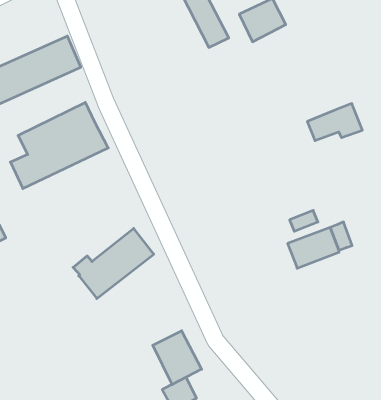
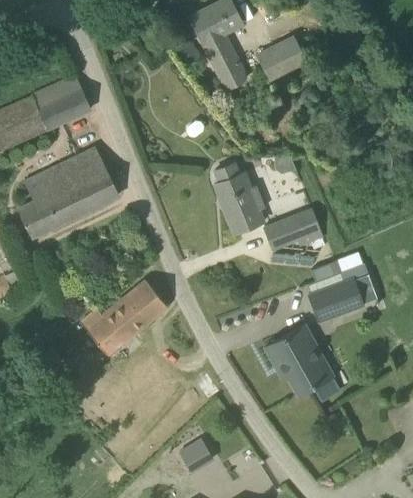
building: [307,104,362,141] -> [264,210,322,249]
building: none -> [213,163,264,234]
building: none -> [265,326,332,395]
building: [153,331,202,385] -> none

